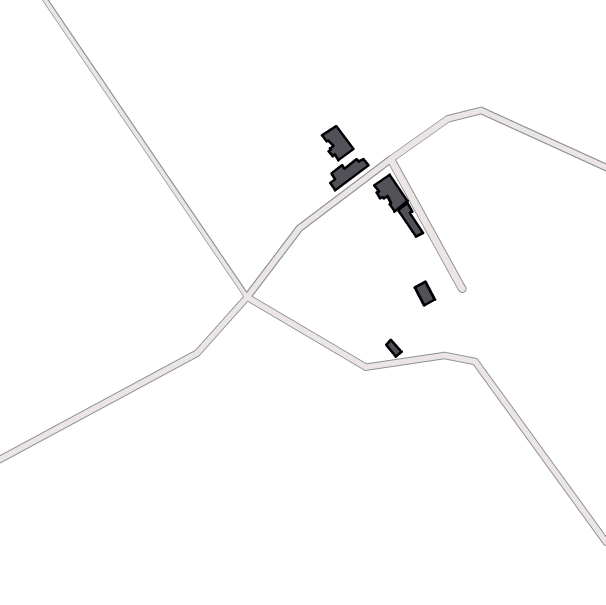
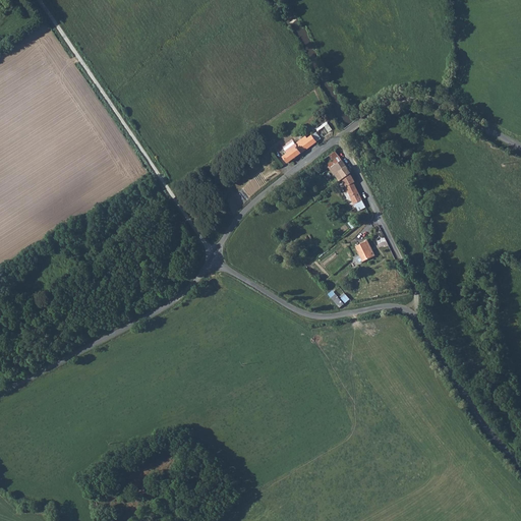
building: [322,126,353,160] -> none

